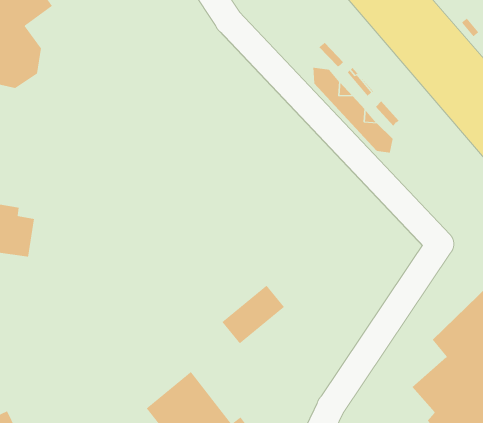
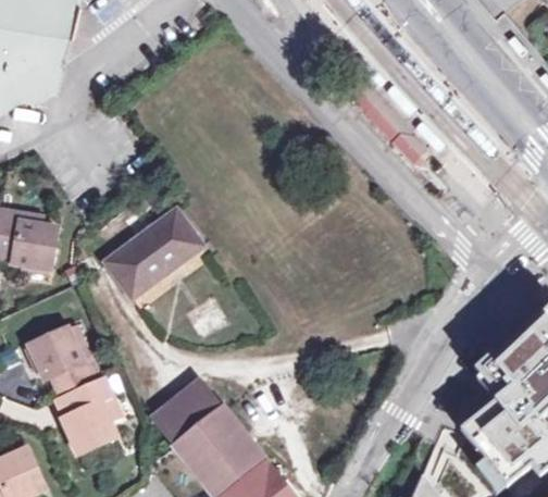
building: none -> [103,207,199,295]
building: [221,285,285,344] -> [154,382,223,446]
building: none -> [28,328,121,453]

